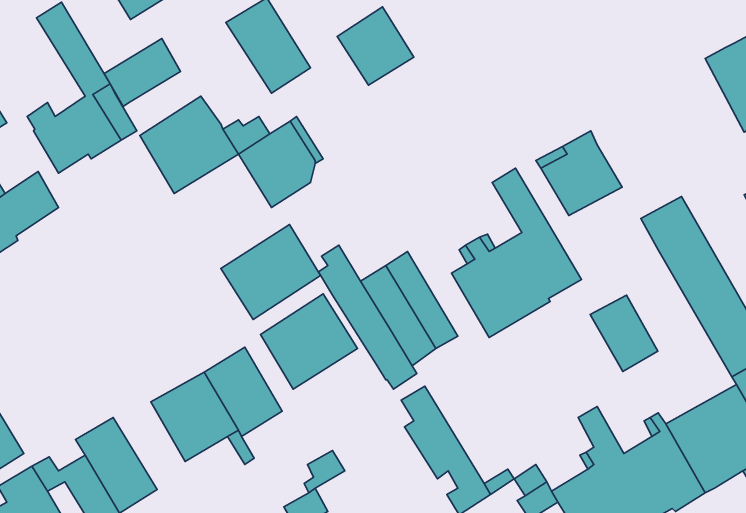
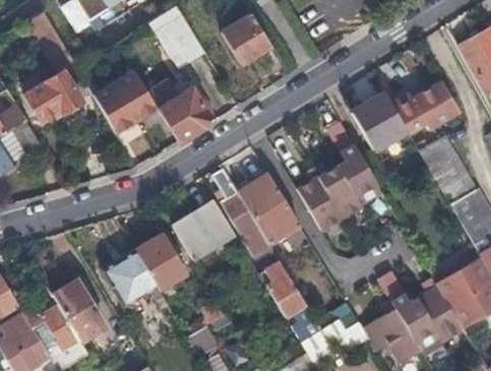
building: [104,39,181,106] -> none
building: none -> [390,82,457,133]
building: [221,225,320,320] -> none
building: [590,295,658,372] -> none

